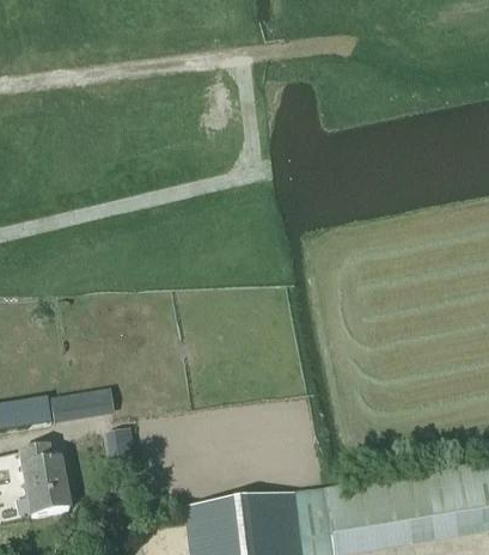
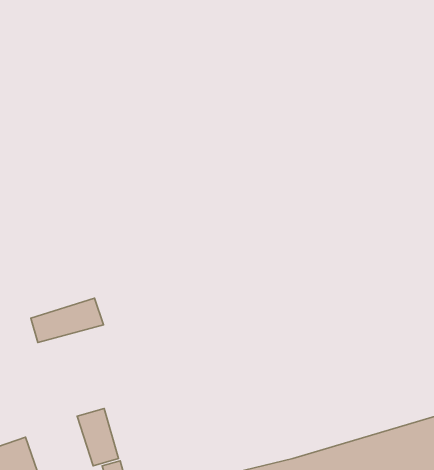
building: [51,390,116,423] -> [31,298,103,343]

